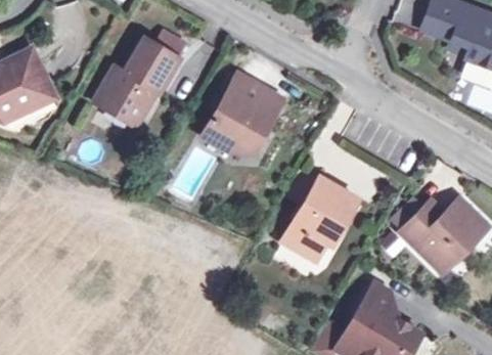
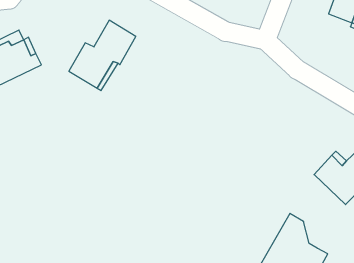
building: [203,75,282,152] -> none
building: [282,177,358,261] -> none

